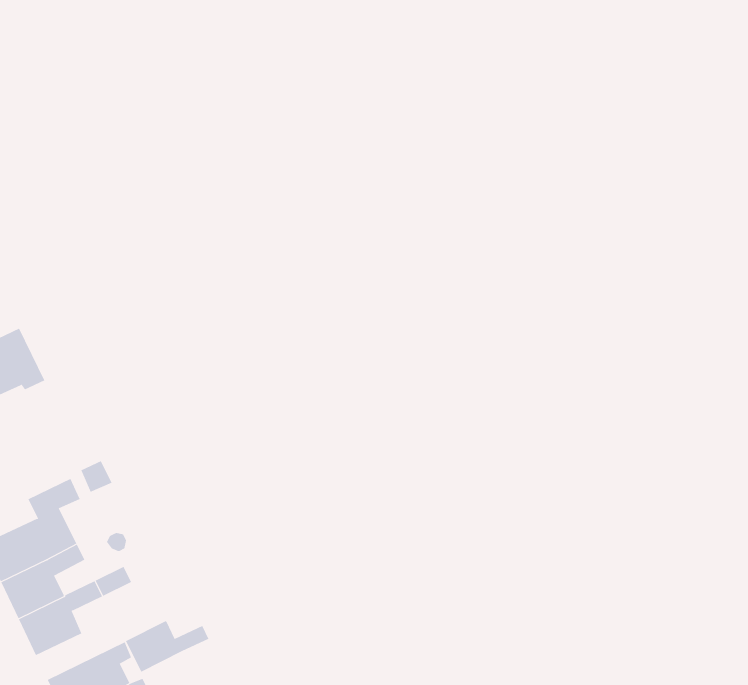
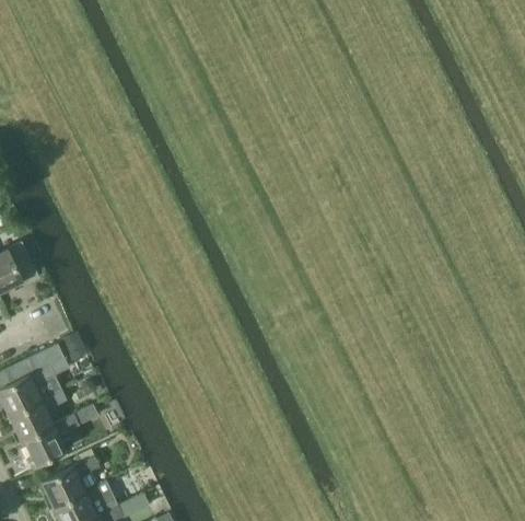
building: [125,620,209,673] -> none

